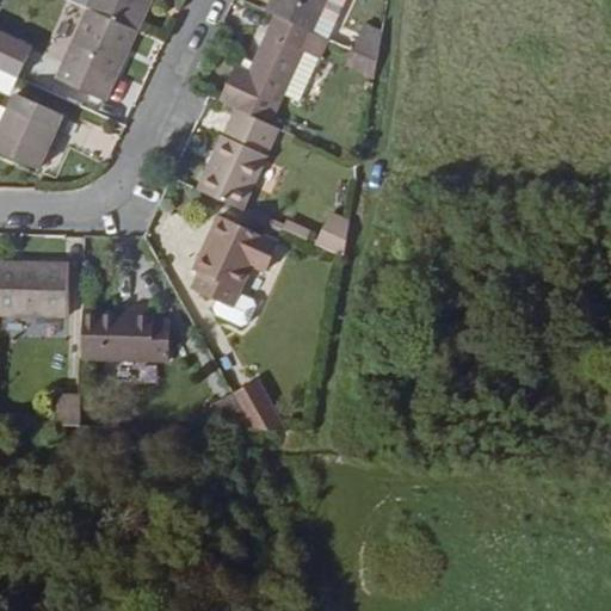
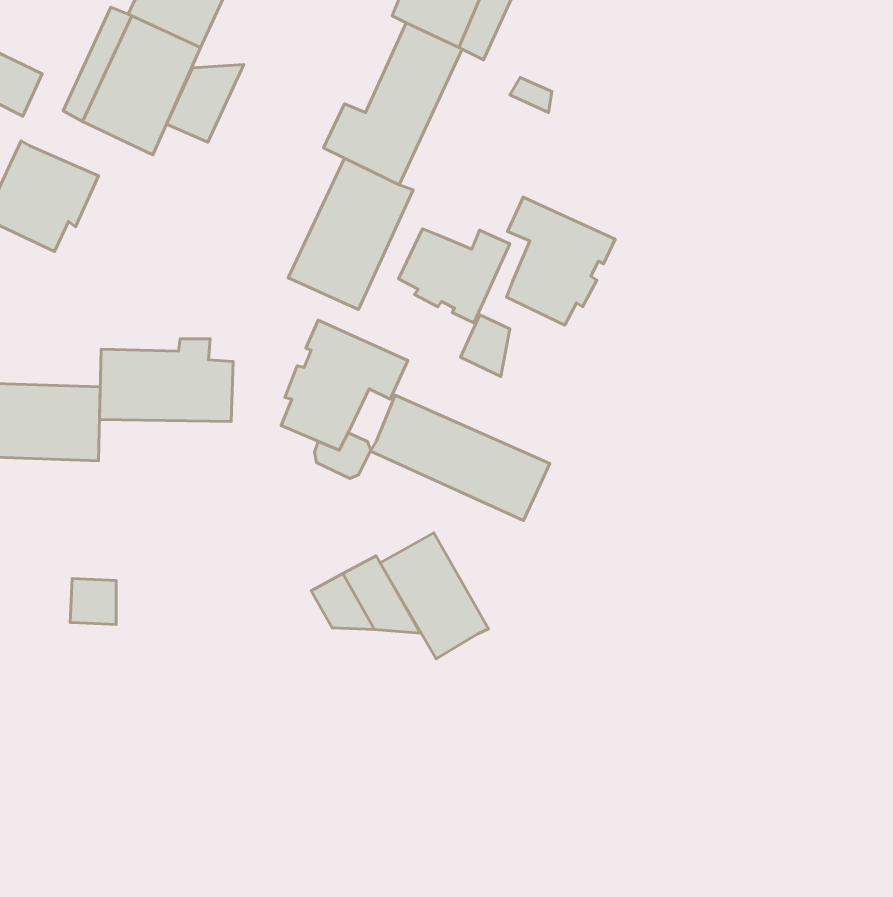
building: none -> [166,65,244,142]
building: none -> [506,197,615,325]
building: none -> [398,229,510,323]
building: none -> [370,395,550,520]
building: [80,304,171,360] -> [99,339,233,421]
building: none -> [380,533,489,659]

